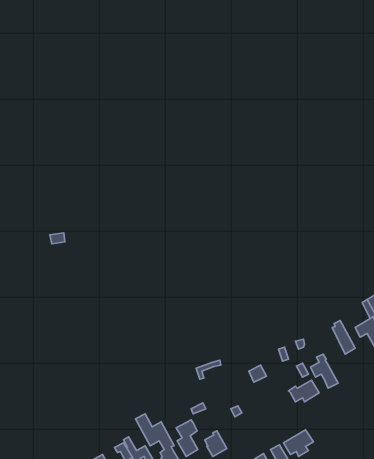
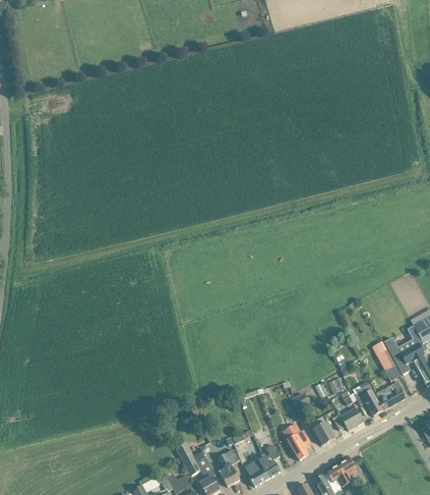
building: none -> [376,380,406,409]
building: none -> [309,416,335,444]
building: none -> [283,423,311,459]
building: none -> [258,443,281,478]

